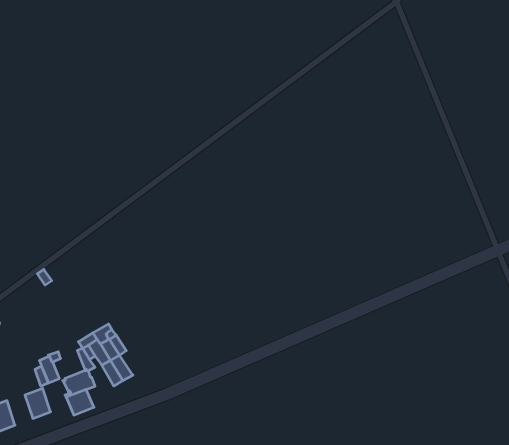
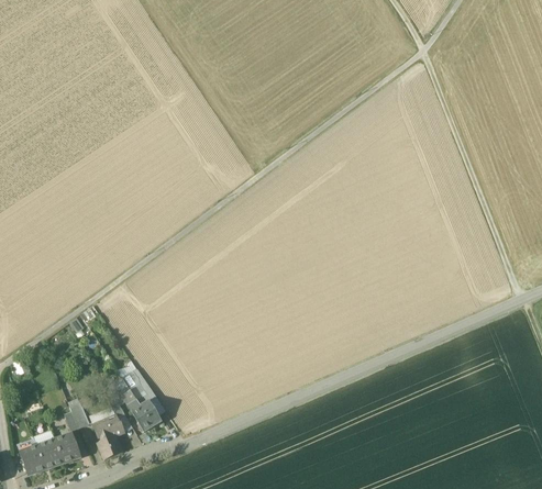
building: none -> [38,438,64,468]

